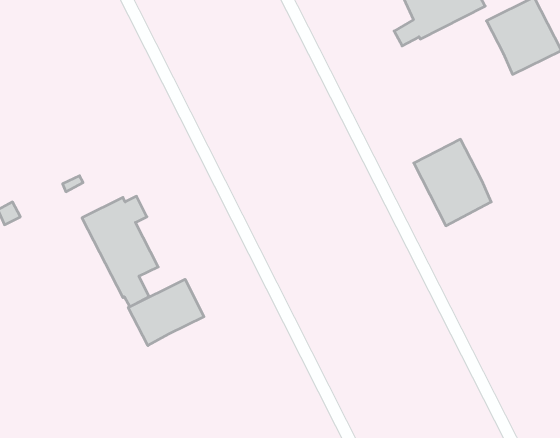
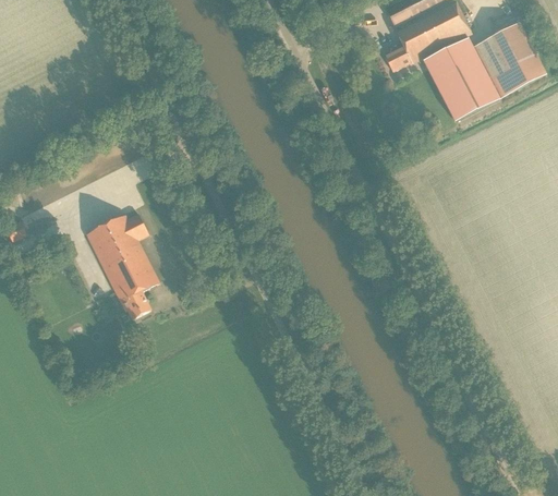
building: [414,139,491,226] -> [424,37,498,120]
building: [128,279,204,346] -> none

